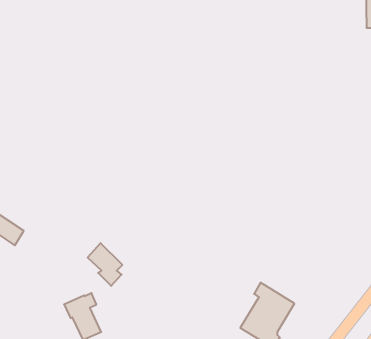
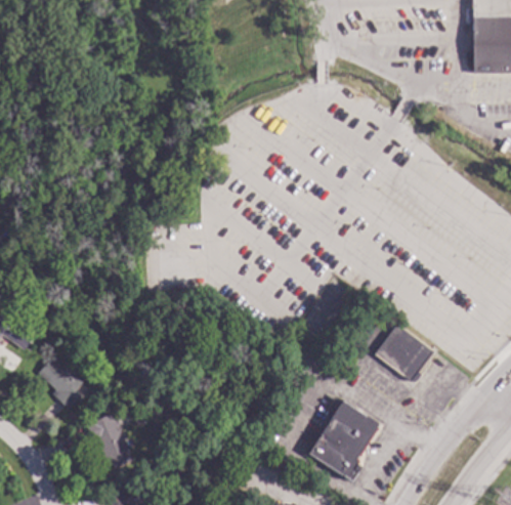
building: none -> [376,325,434,382]
building: [88,243,122,286] -> [39,355,83,410]

